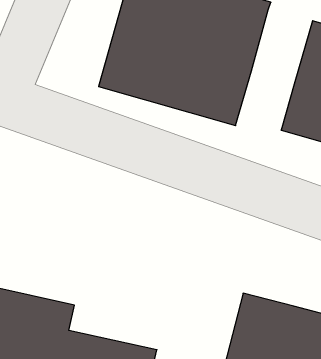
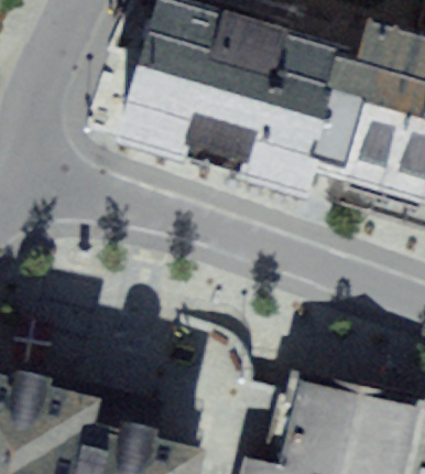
building: none -> [303,39,375,125]

